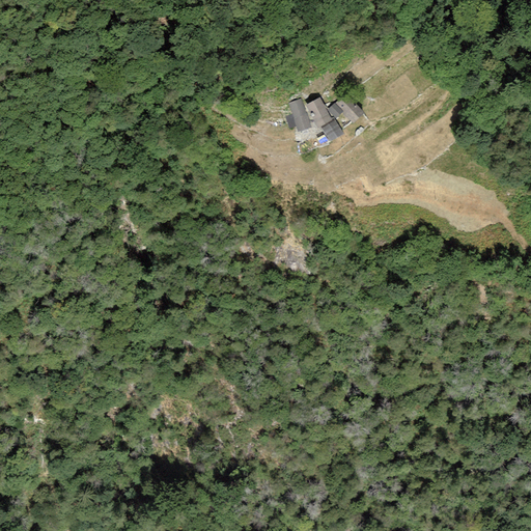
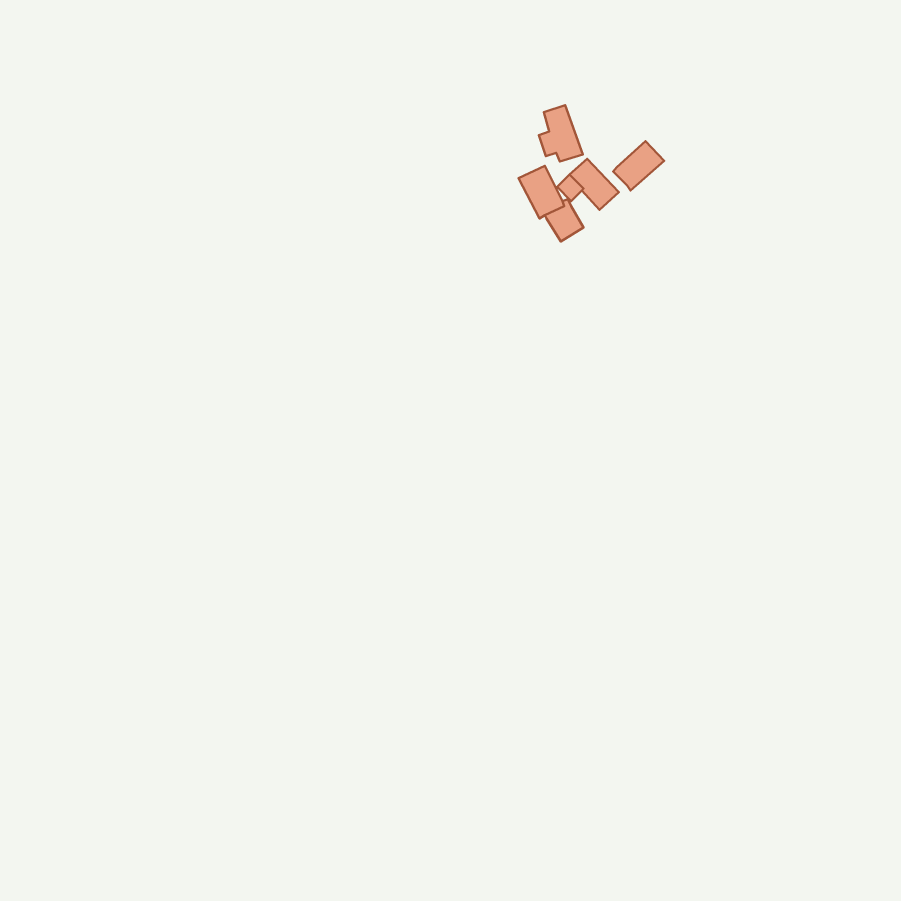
building: none -> [613,141,664,191]
building: [285,99,311,132] -> [539,105,583,162]

